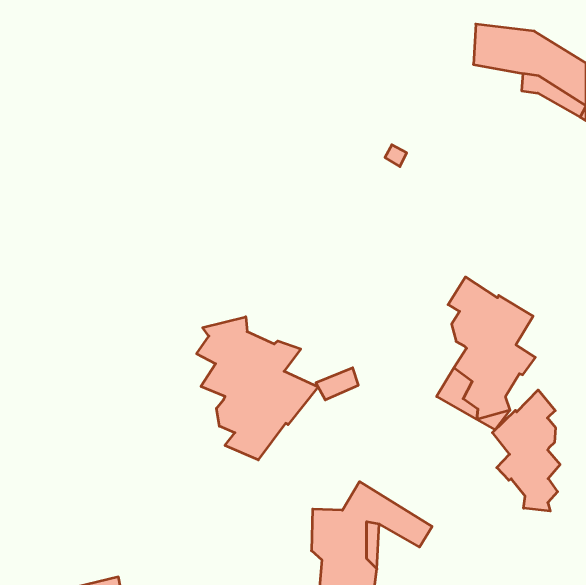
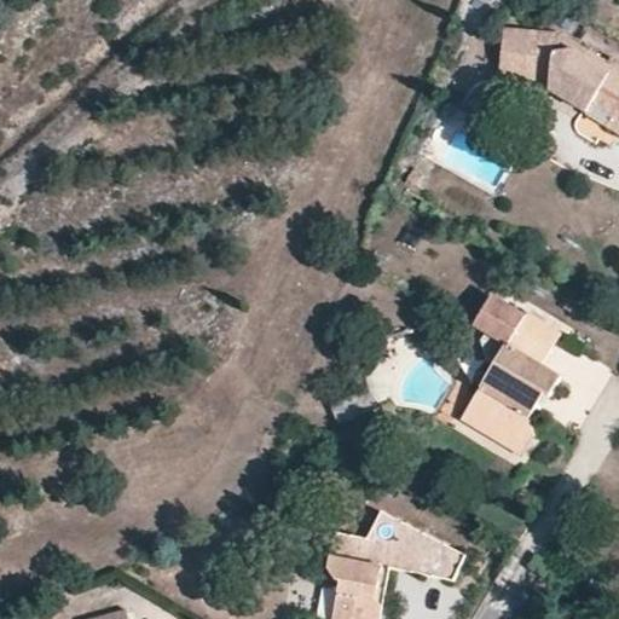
building: [197,317,318,460] -> none
building: [492,390,560,511] -> none

